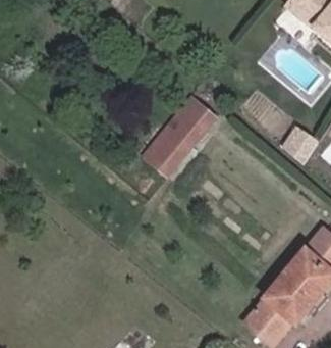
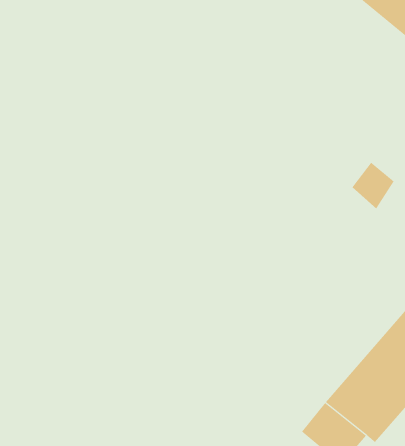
building: [145,100,217,176] -> none

